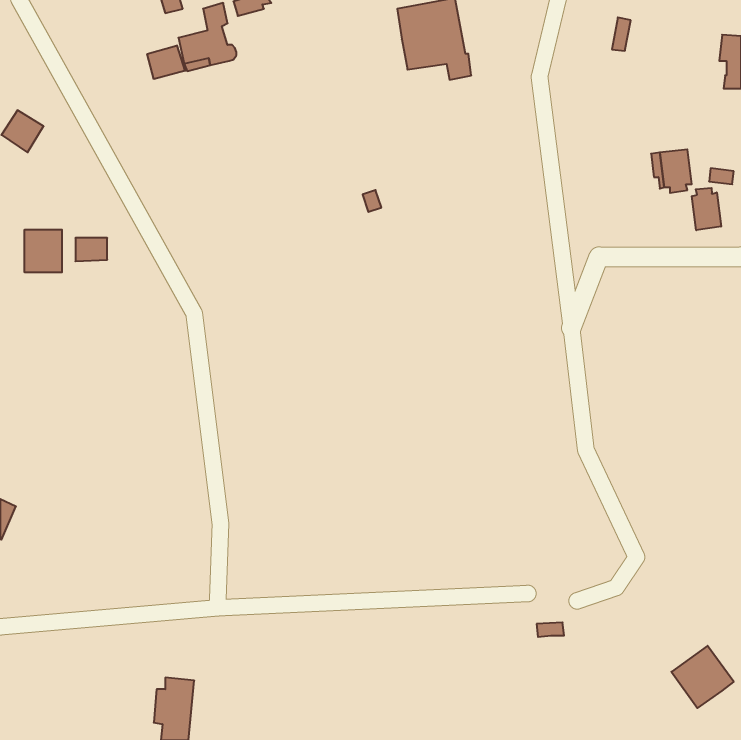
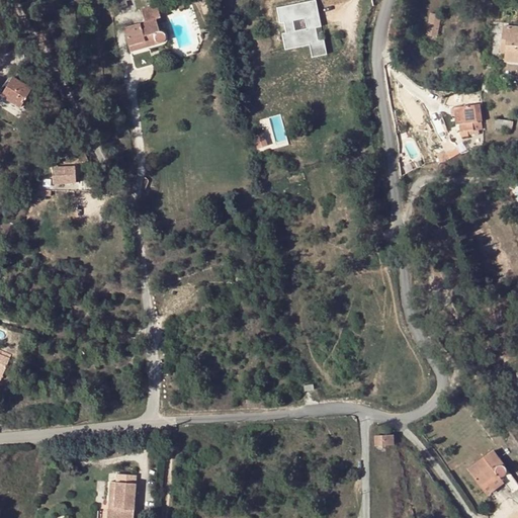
building: [147,45,185,79] -> none
building: [692,188,721,230] -> none
building: [24,230,62,272] -> none

